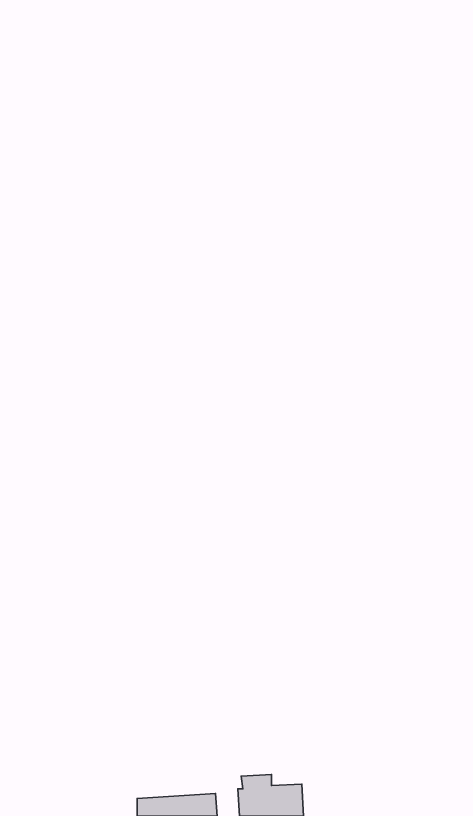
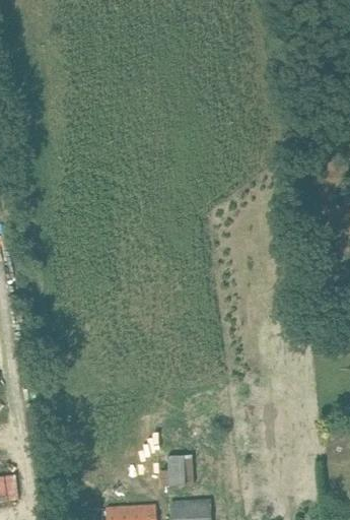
building: none -> [159,455,193,485]

